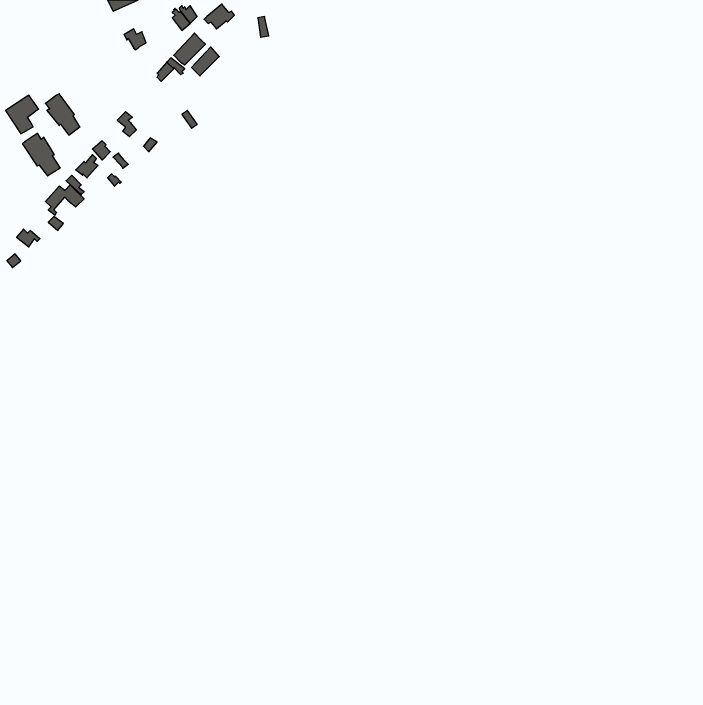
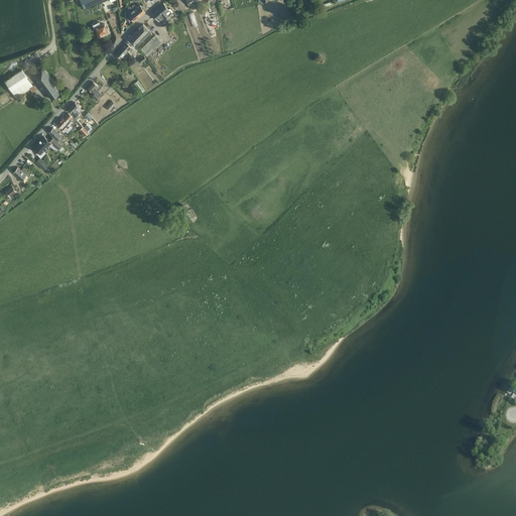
building: [23,133,60,176] -> none

